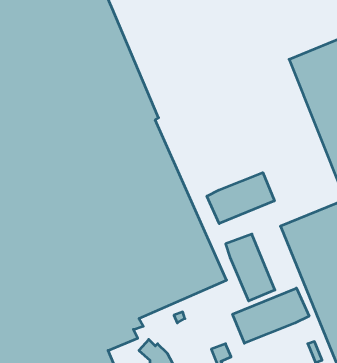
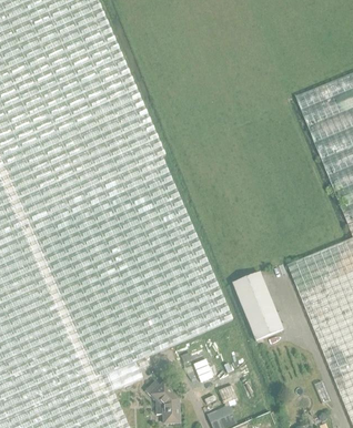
building: [207,173,274,224] -> none
building: [233,288,309,343] -> none

